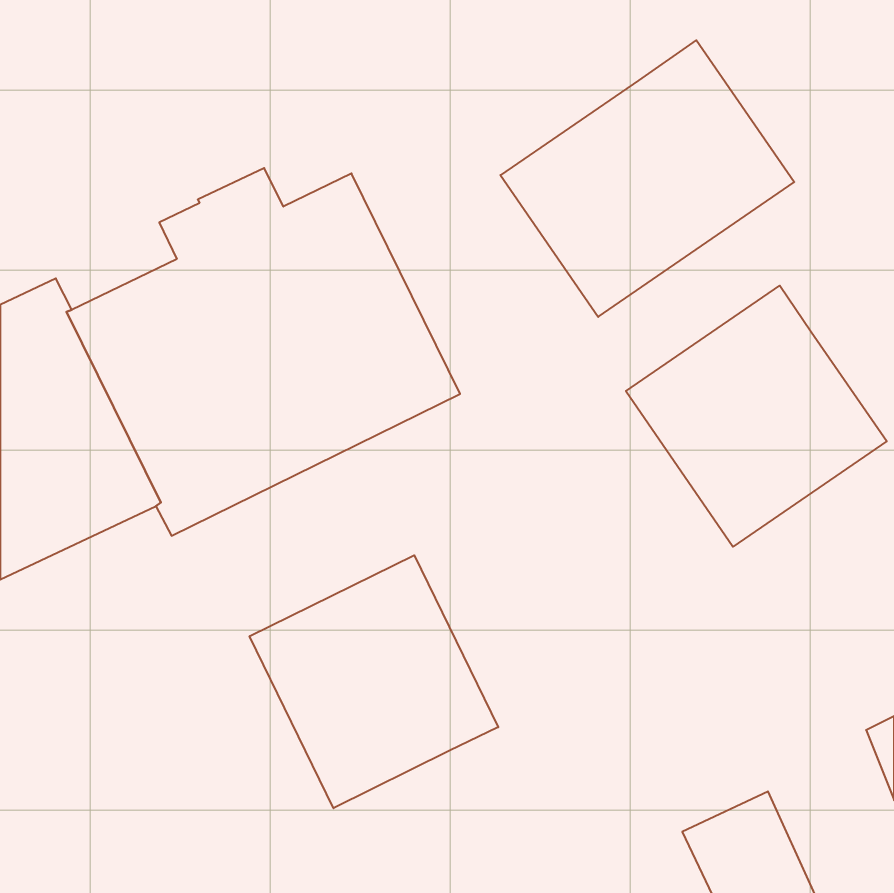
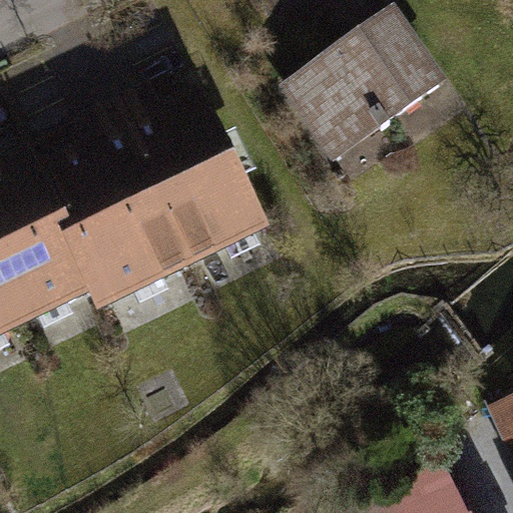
building: [626,286,887,547] -> none
building: [250,555,498,808] -> none

